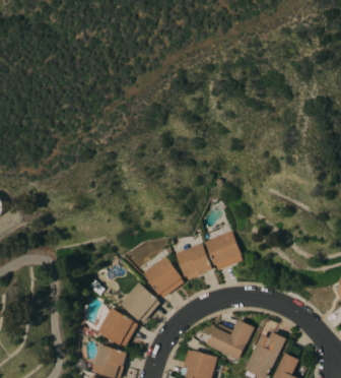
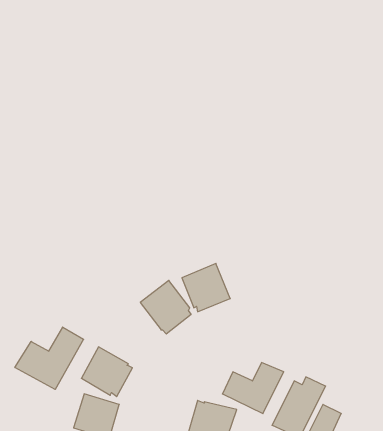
building: [205,231,241,270] -> none
building: [120,282,159,322] -> none
building: none -> [15,327,84,389]

